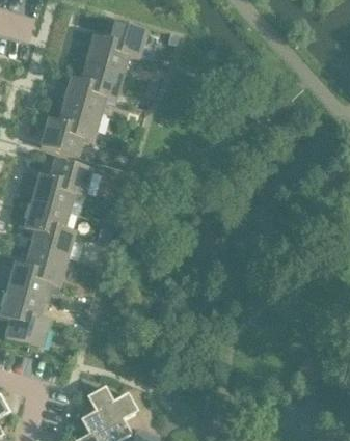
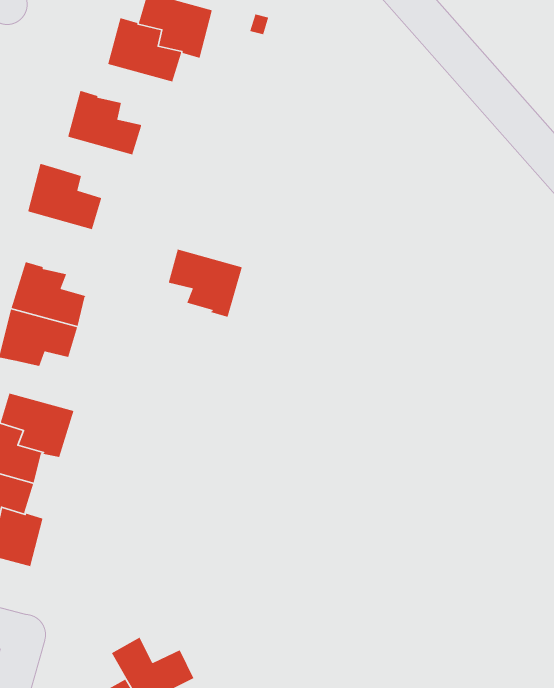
building: [81,60,124,99] -> none
building: [58,102,101,140] -> none
building: [50,157,92,196] -> [168,249,243,318]
building: [30,224,75,257] -> none

